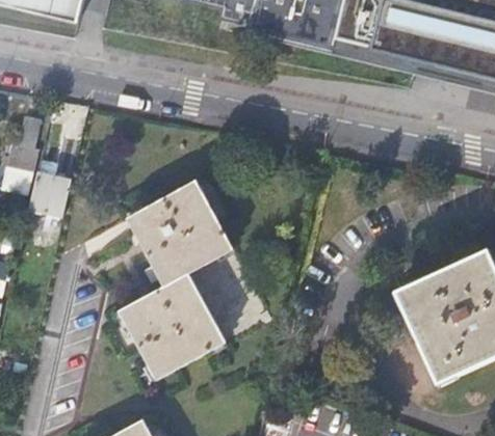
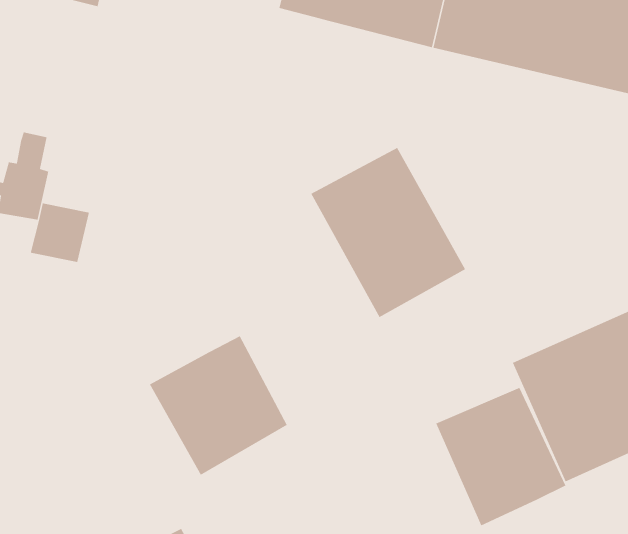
building: none -> [310,147,466,318]
building: [127,176,232,282] -> none
building: none -> [435,387,566,526]

